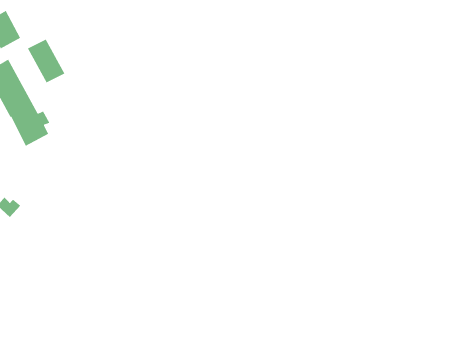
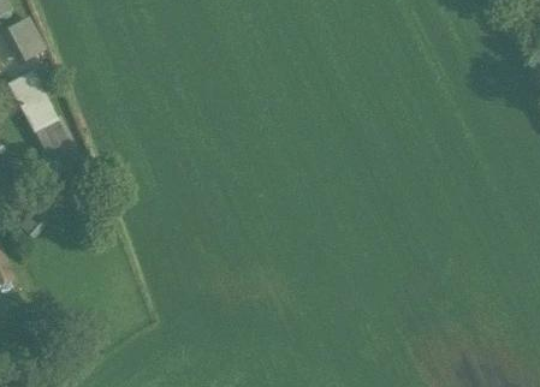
building: [27,39,65,84] -> none

